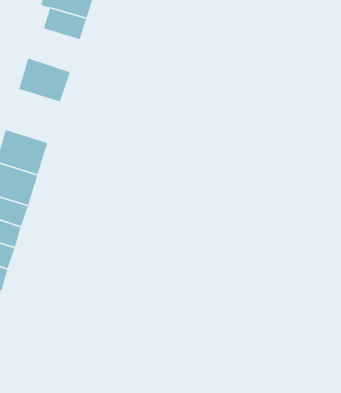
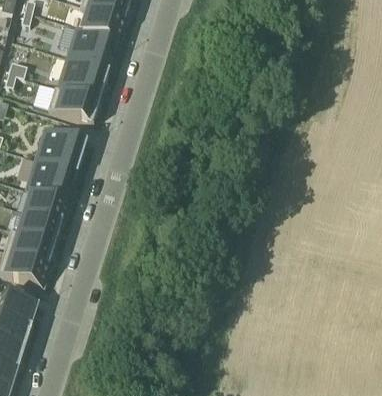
building: none -> [67,26,118,71]
building: none -> [47,86,99,123]

